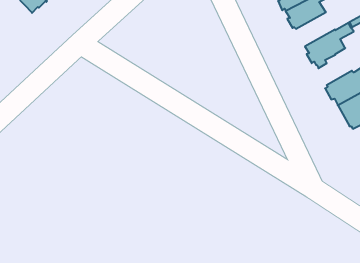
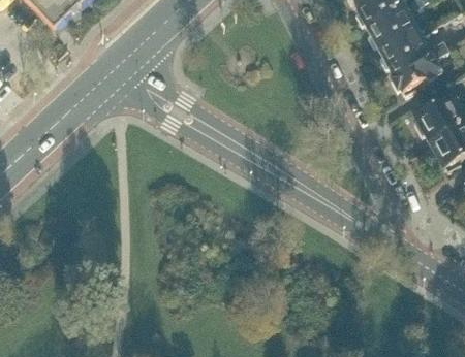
building: none -> [378,13,438,65]

